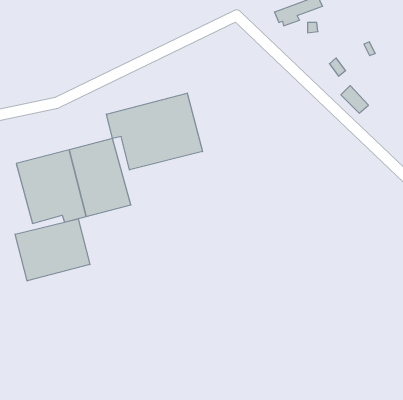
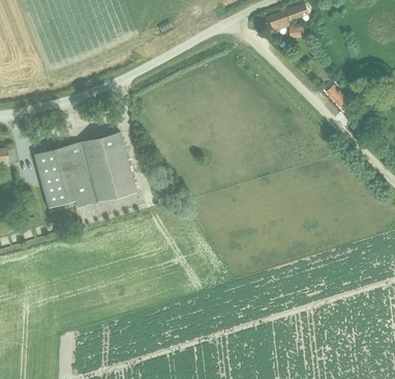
building: [106,93,202,170] -> none
building: [15,219,90,281] -> none

